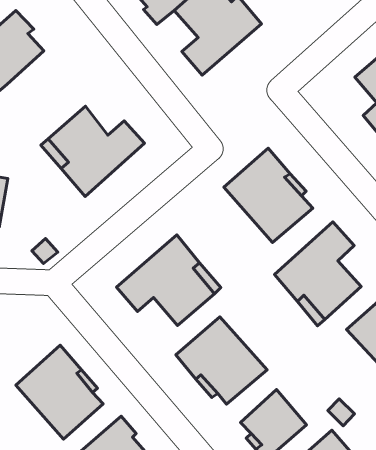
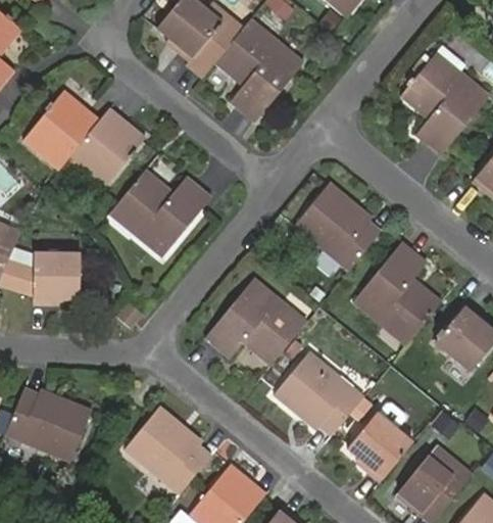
building: none -> [66,111,145,190]

